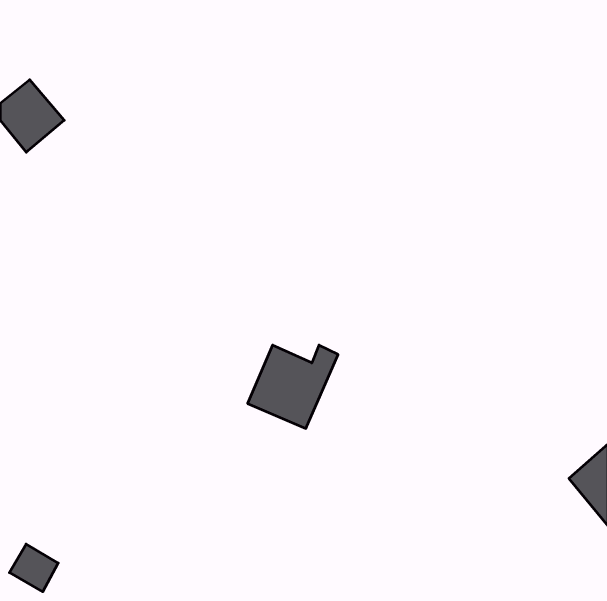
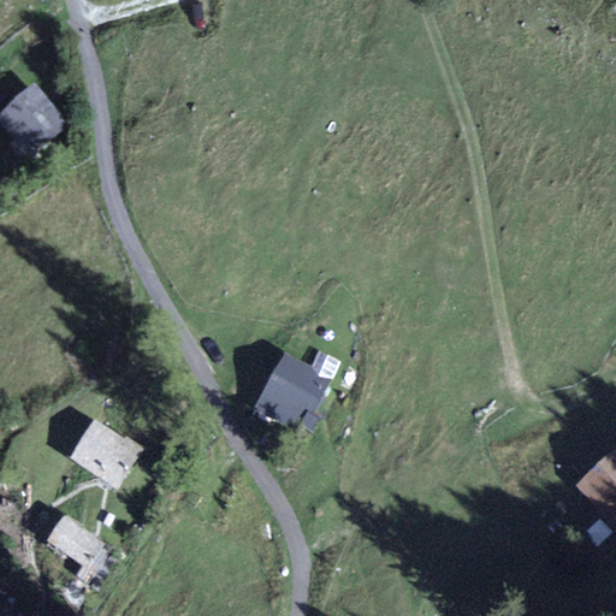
building: none -> [66,419,148,492]
building: [9,544,58,592] -> [47,515,96,563]

